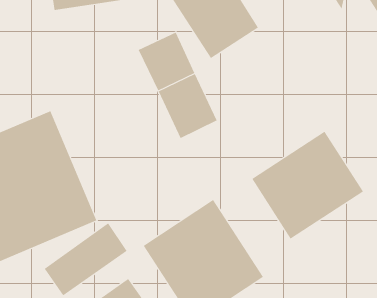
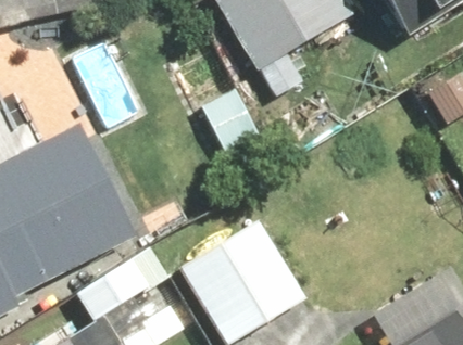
building: [251,131,364,239] -> none

